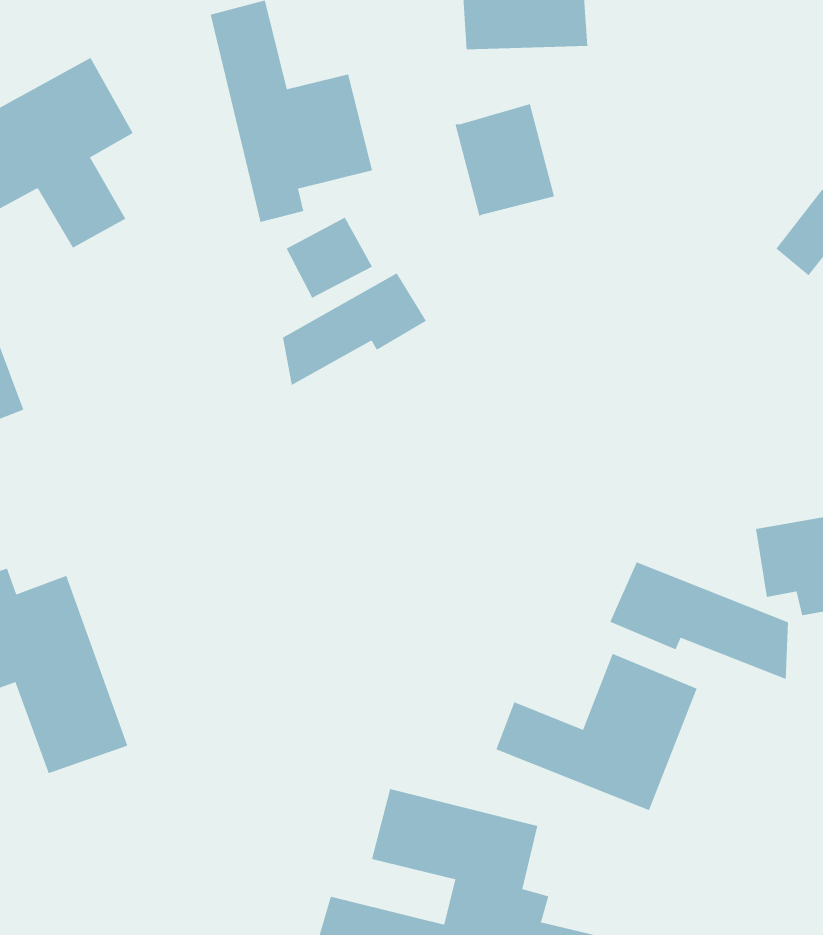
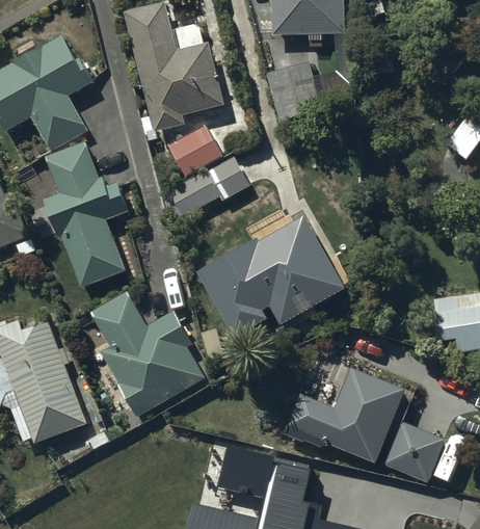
building: none -> [46,148,126,288]
building: none -> [199,222,338,335]
building: none -> [96,296,201,409]
building: [609,561,788,680] -> none
building: none -> [388,425,442,479]

